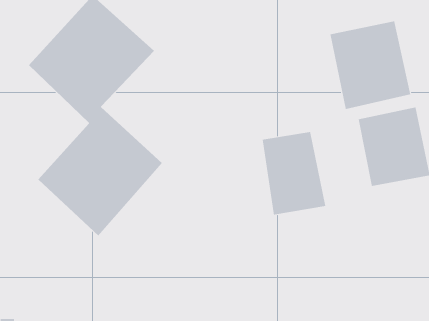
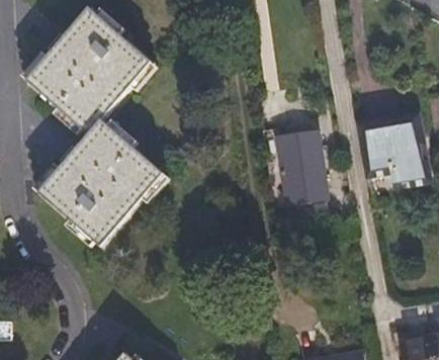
building: [330,21,411,110] -> none

